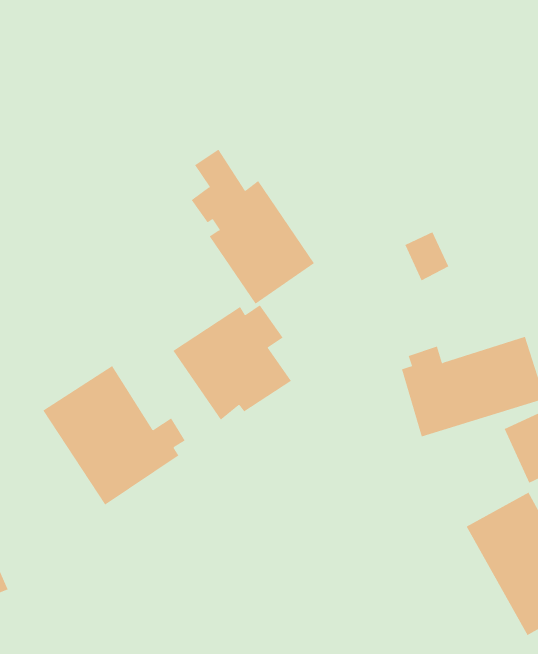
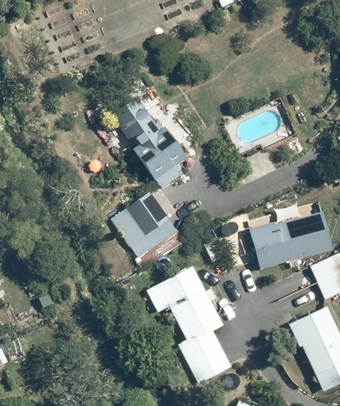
building: [43,365,185,505] -> none
building: none -> [145,263,234,386]

